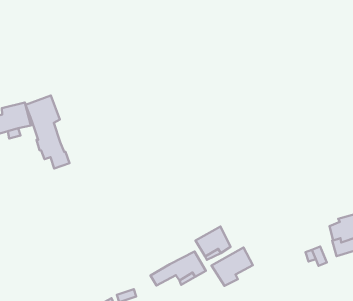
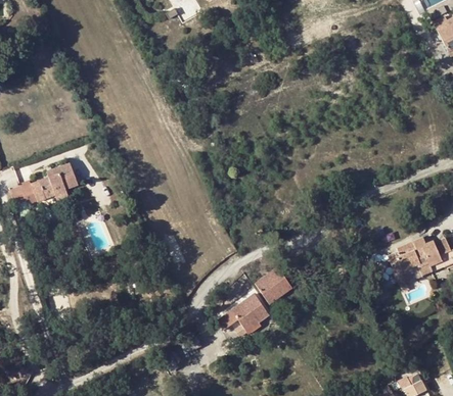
building: [25,95,69,168] -> none
building: [211,247,253,286] -> none

